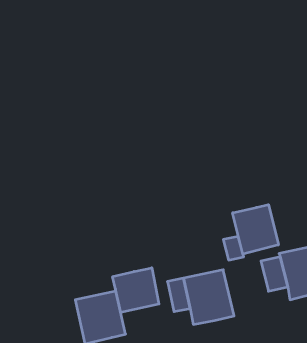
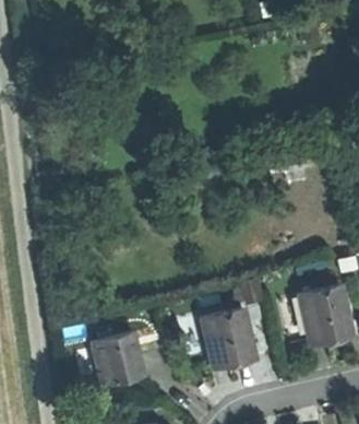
building: [233,205,278,254] -> none
building: [113,268,159,313] -> none

